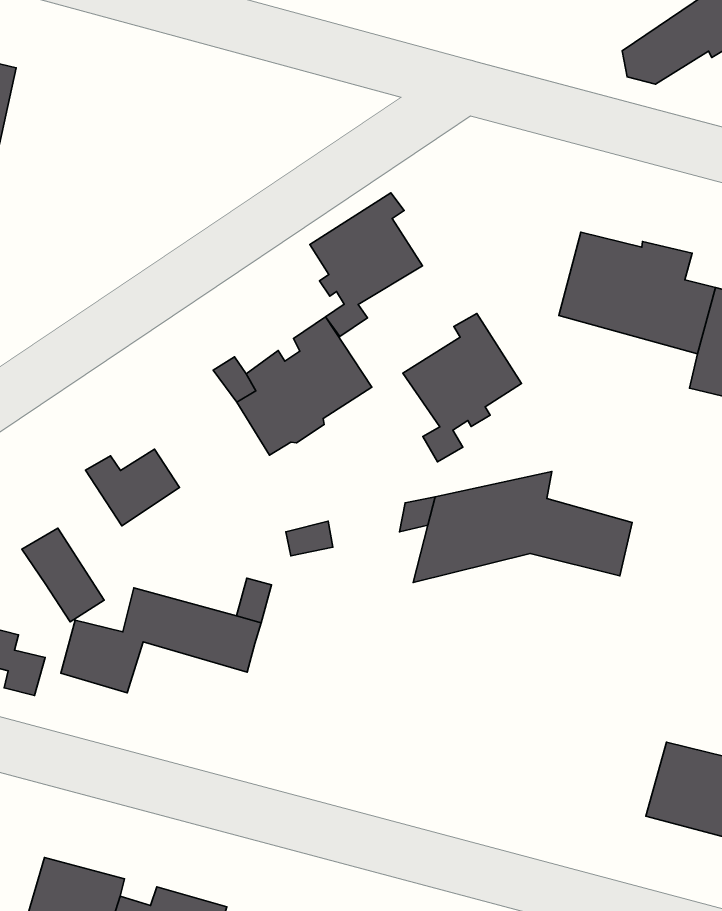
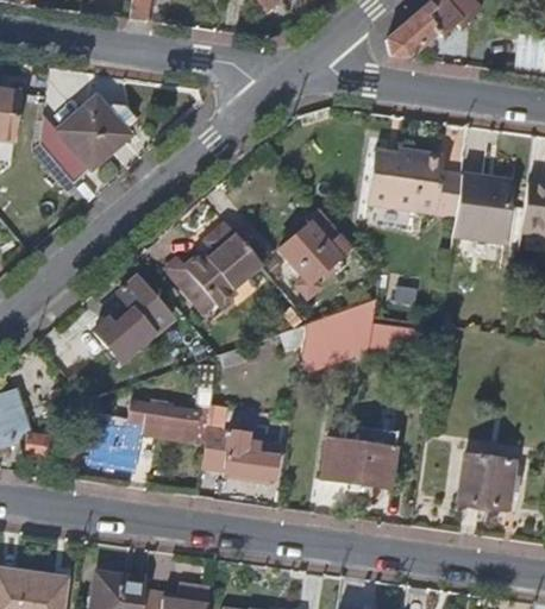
building: none -> [39,98,131,183]
building: [310,193,422,337] -> none
building: [22,528,104,622] -> [117,280,170,335]
building: none -> [203,416,282,478]
building: none -> [324,439,395,486]

